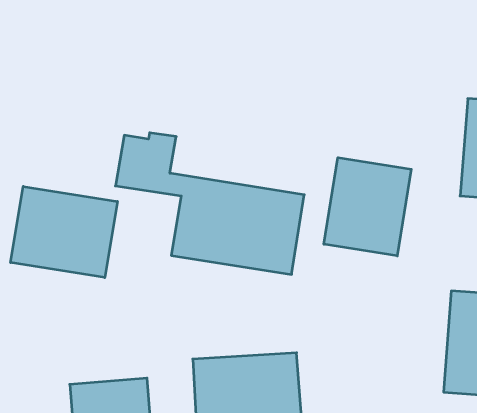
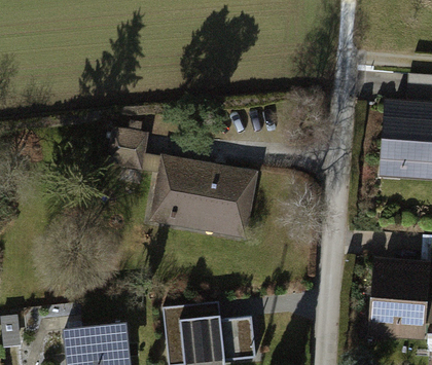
building: [324,158,411,256] -> none
building: [11,186,117,278] -> none

